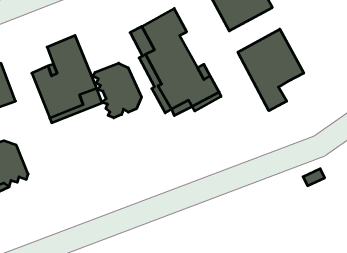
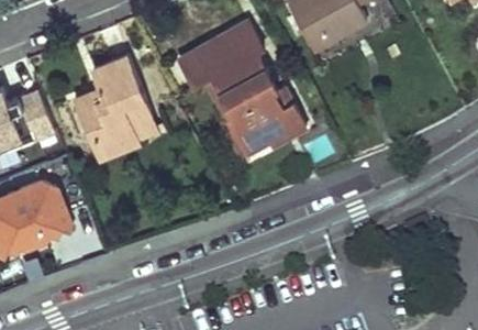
building: [238,29,304,111] -> none
building: [93,63,141,118] -> none

